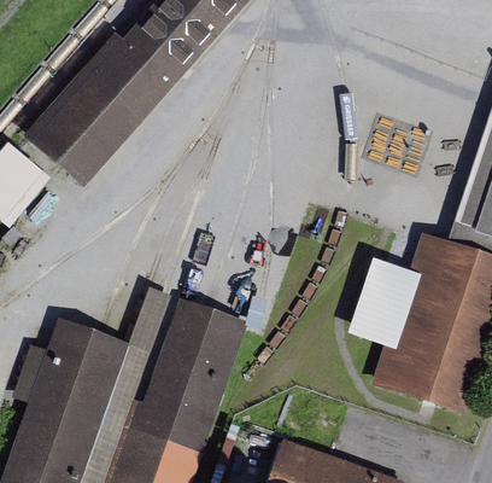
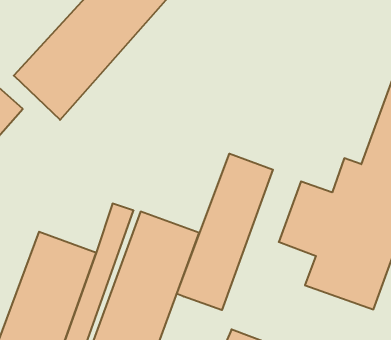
building: none -> [177,154,273,310]

